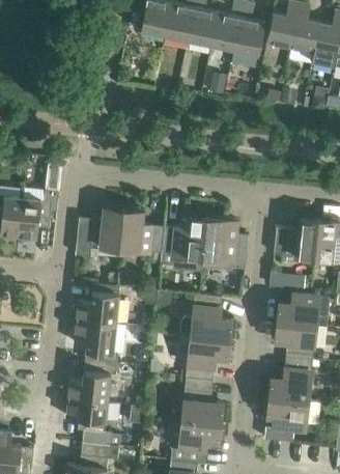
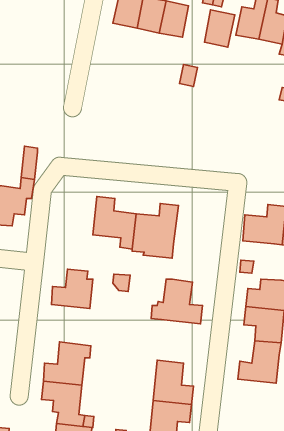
building: [211,13,240,51] -> none
building: [75,207,123,257] -> none
building: [202,219,248,270] -> none
building: [75,320,128,363] -> none
building: [186,336,230,381] -> none
building: [264,397,308,443] -> none

